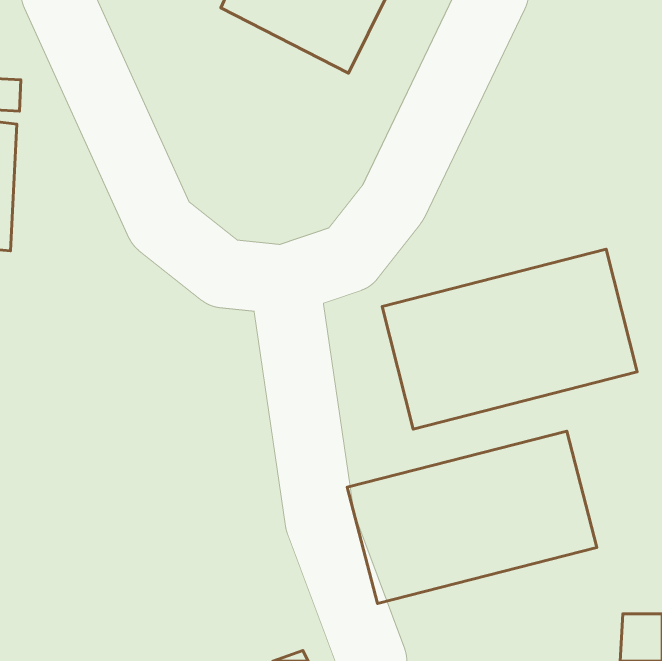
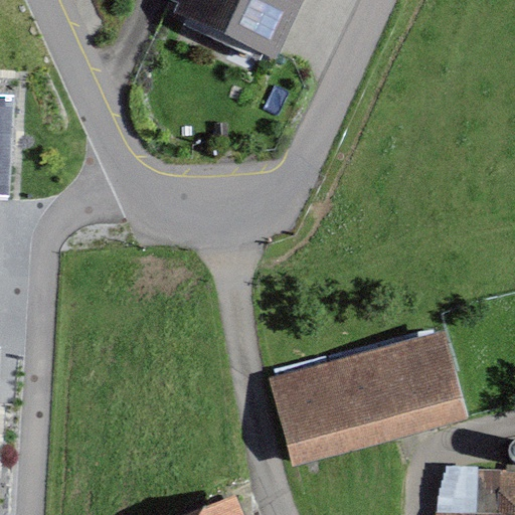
building: [382,249,637,429] -> none

